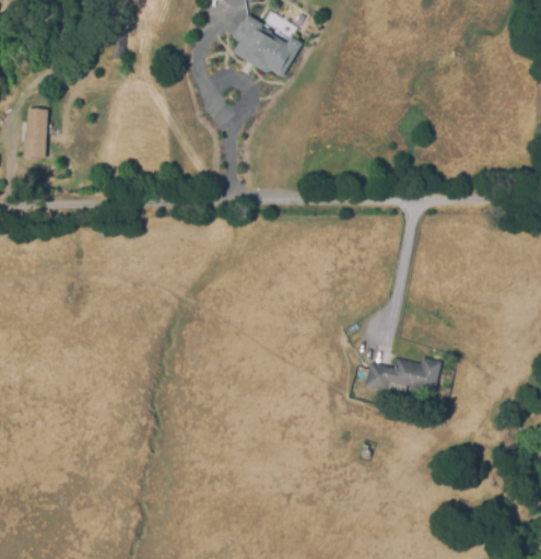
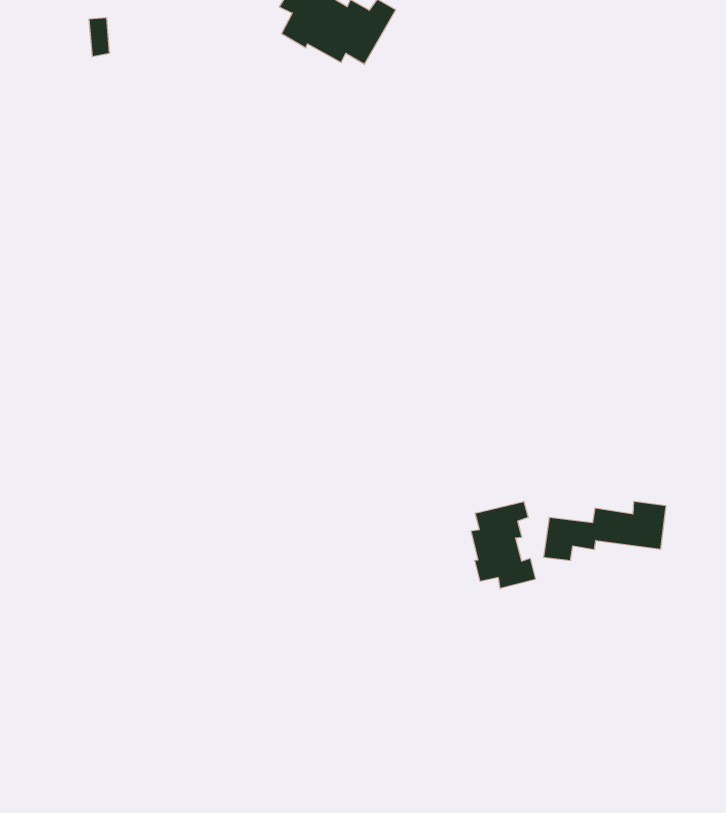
building: none -> [471,501,536,589]

